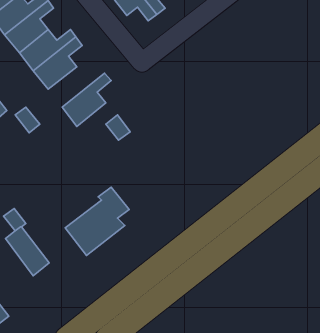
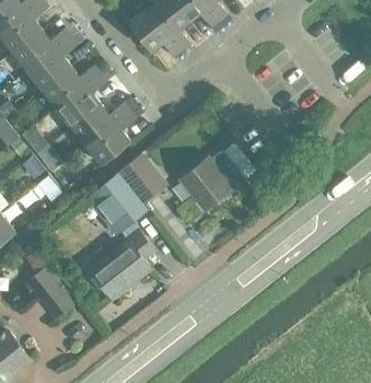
building: none -> [71,103,129,147]
building: none -> [181,151,246,210]
building: none -> [85,172,150,237]

